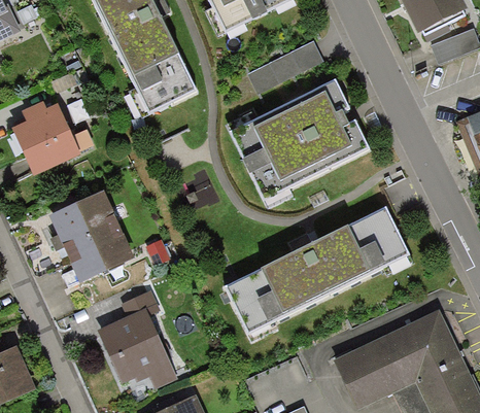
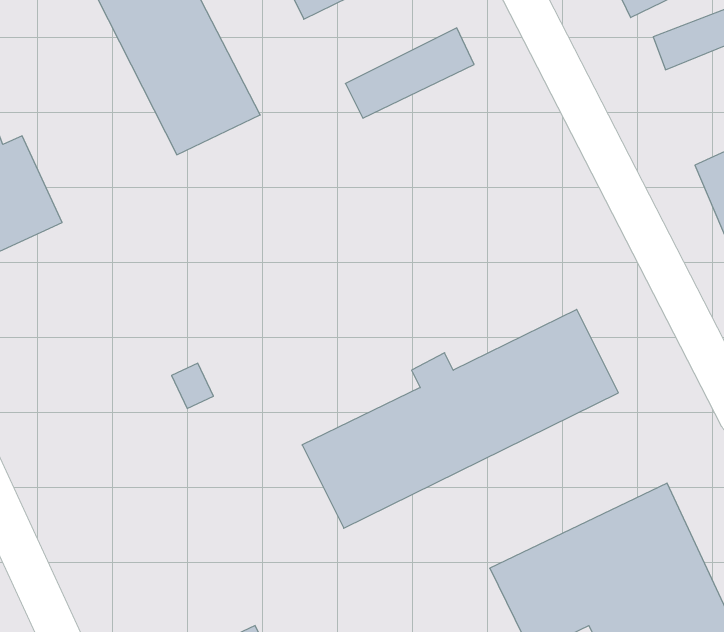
building: [230,79,371,200] -> none
building: [50,191,135,281] -> none
building: [98,288,173,382] -> none

